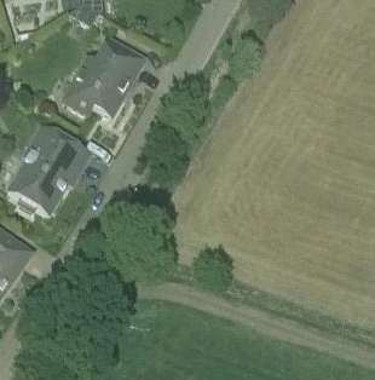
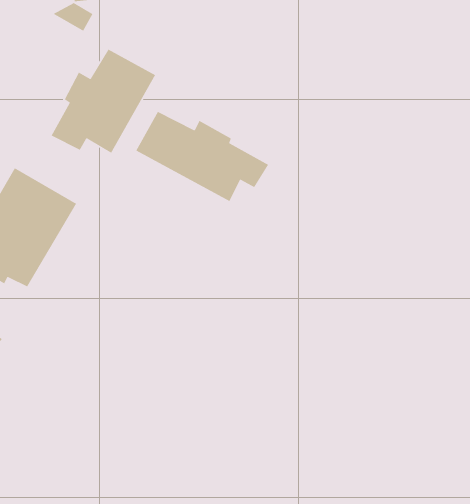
building: none -> [135,111,269,202]

